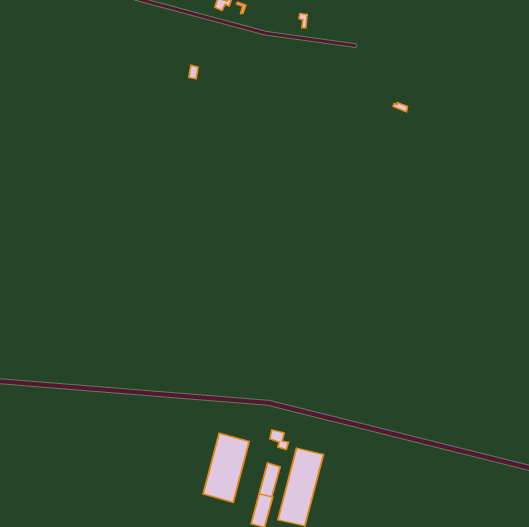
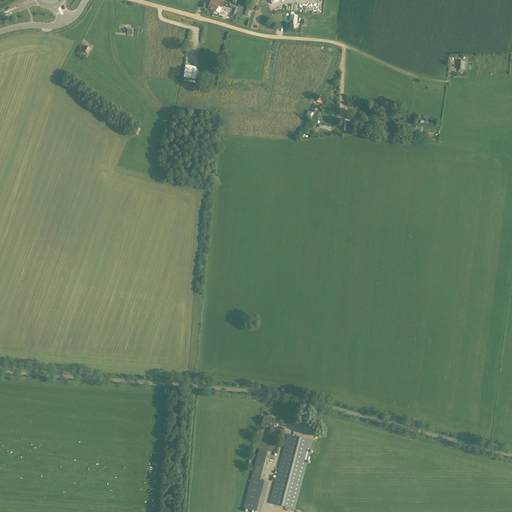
building: [203,433,249,503] -> none

